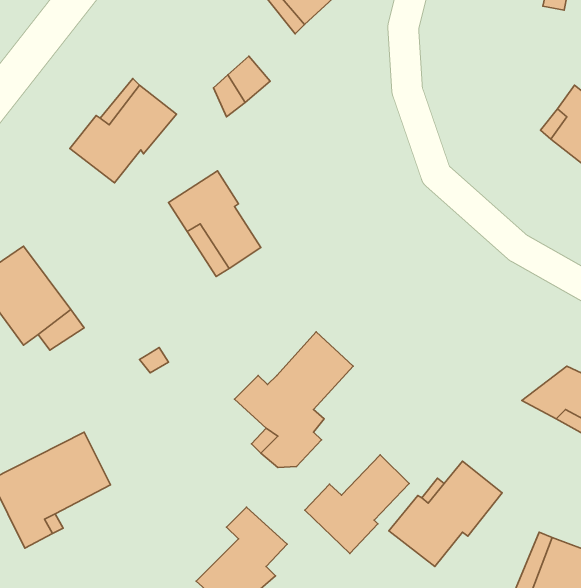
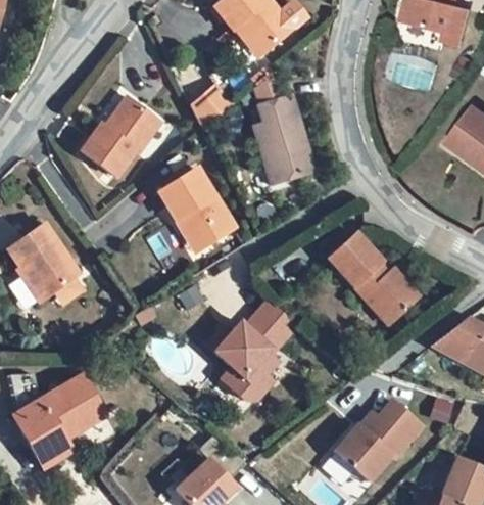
building: none -> [254,65,311,187]
building: none -> [328,238,412,316]
building: [305,455,409,553] -> none

